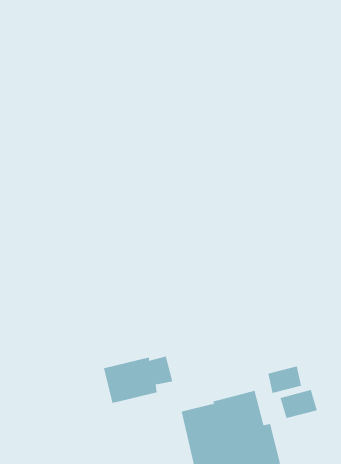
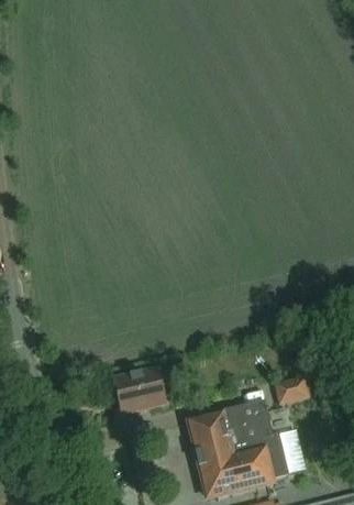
building: [280,389,317,419] -> none

